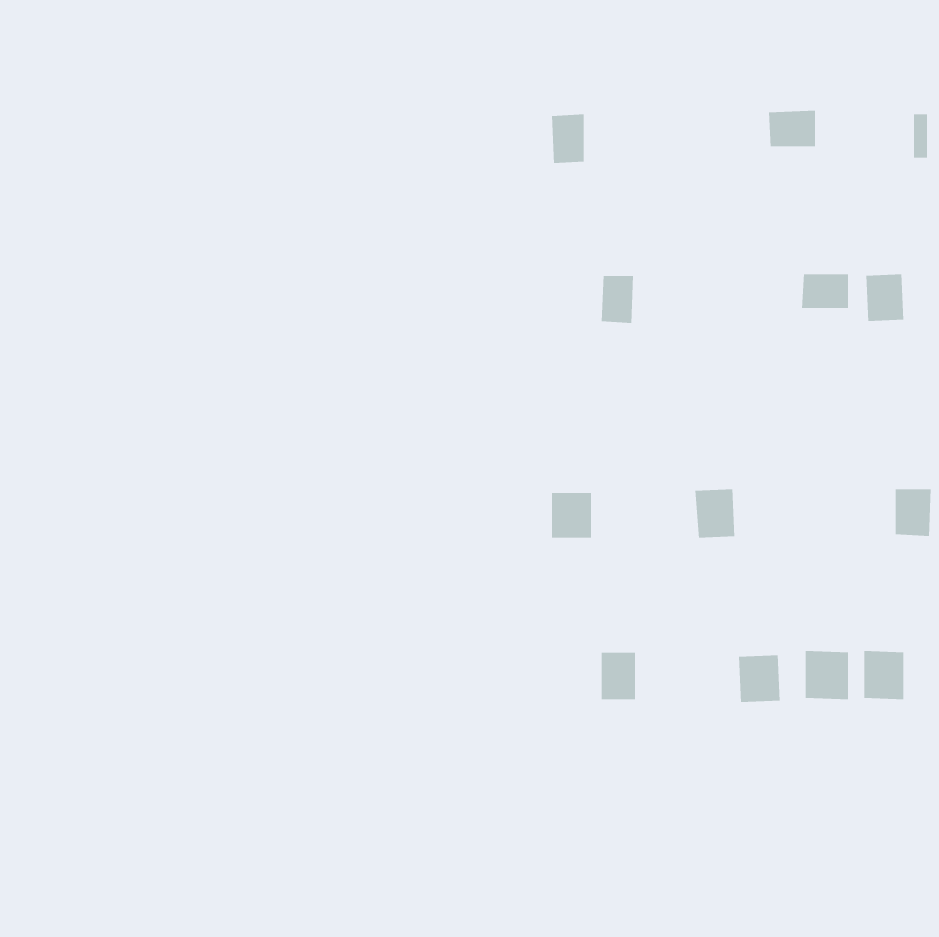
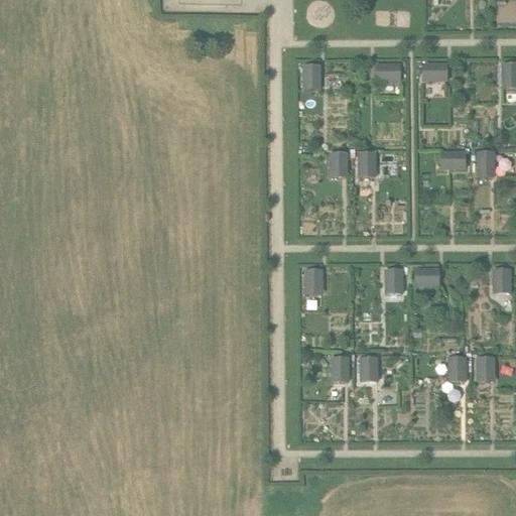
building: none -> [375,61,401,81]
building: none -> [355,150,377,177]
building: none -> [413,268,439,288]
building: [738,655,780,703] -> [355,358,378,384]

